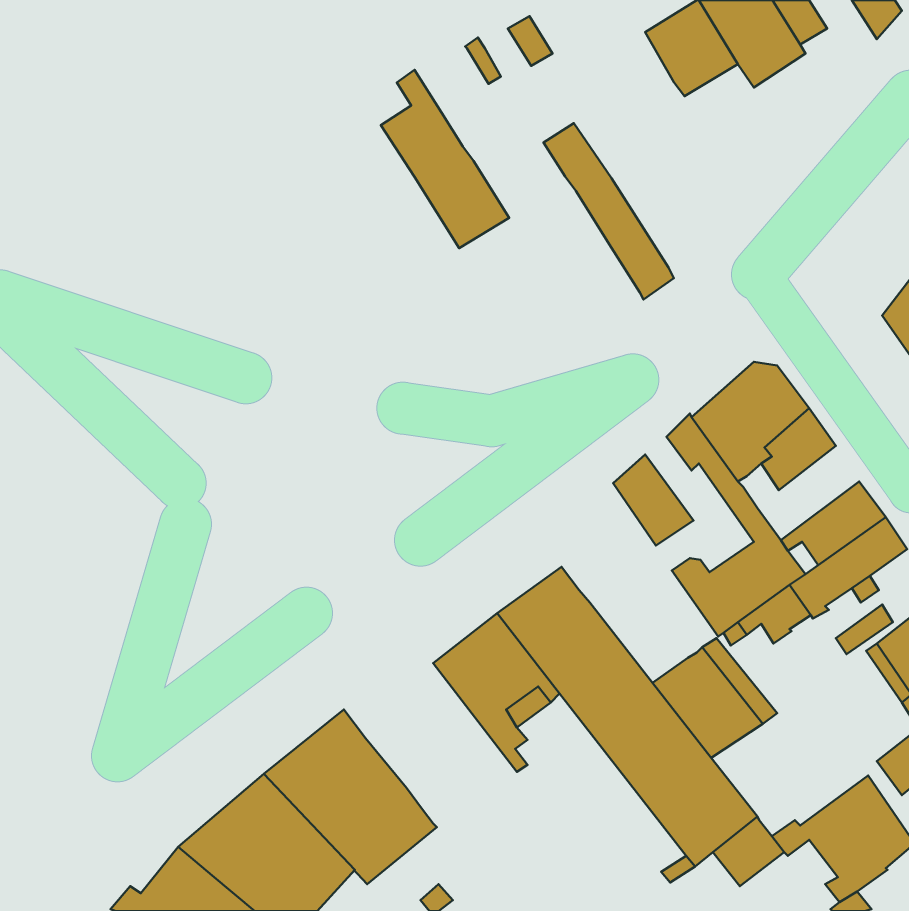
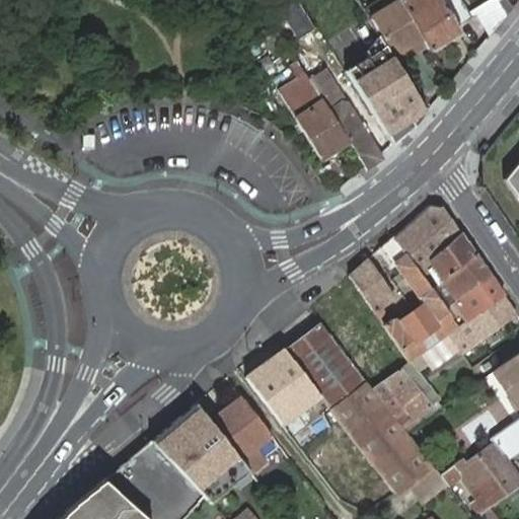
building: [381,70,509,248] -> [276,57,349,158]
building: none -> [344,47,423,145]
building: none -> [432,253,490,307]
building: none -> [209,395,273,468]

